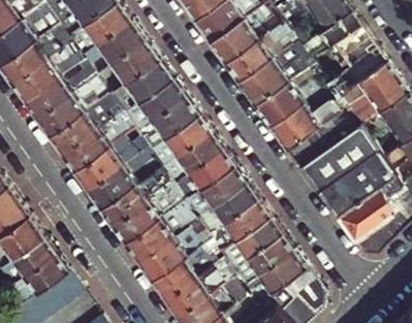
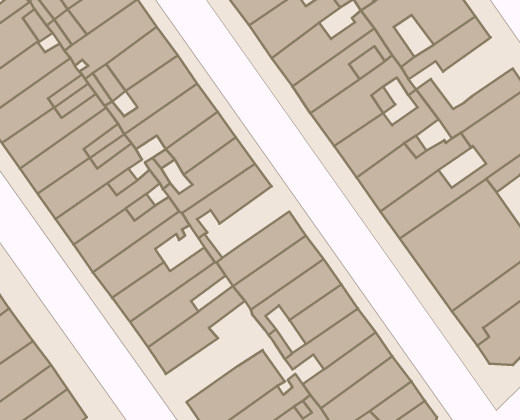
building: [332,27,377,68] -> none
building: [173,130,222,172] -> none
building: [136,219,204,280] -> none

